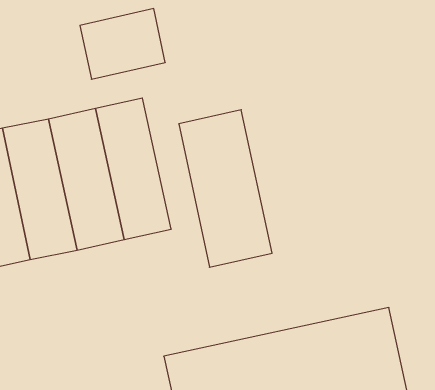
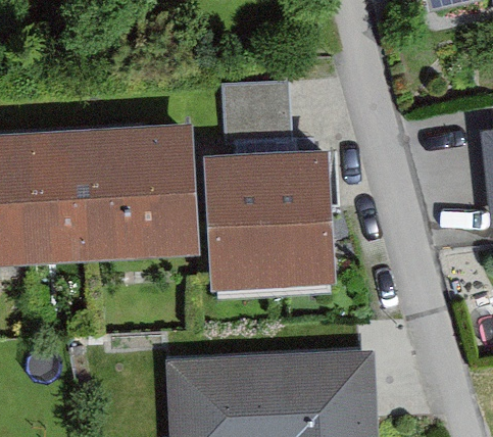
building: [80,9,165,79] -> [223,84,293,138]
building: none -> [273,150,339,284]

